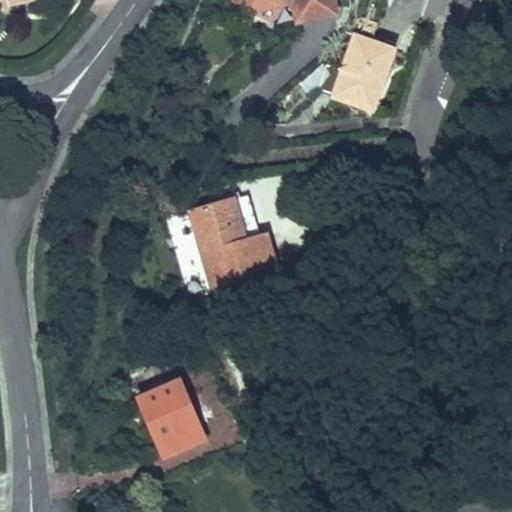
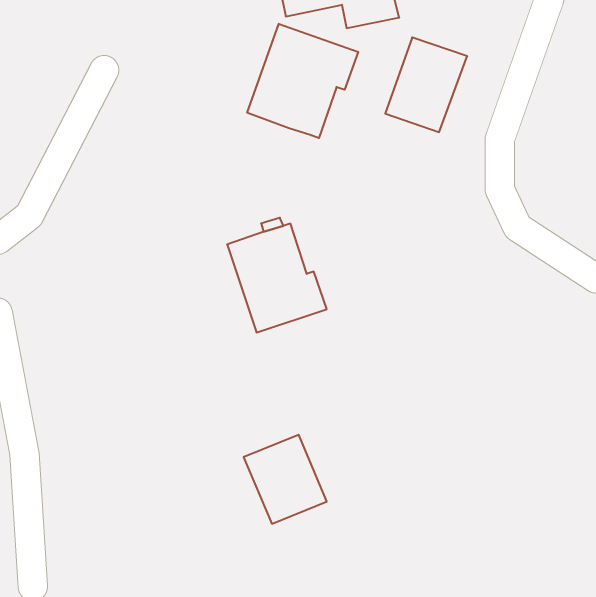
building: none -> [247,24,358,138]
building: [130,386,201,462] -> [244,435,327,524]

